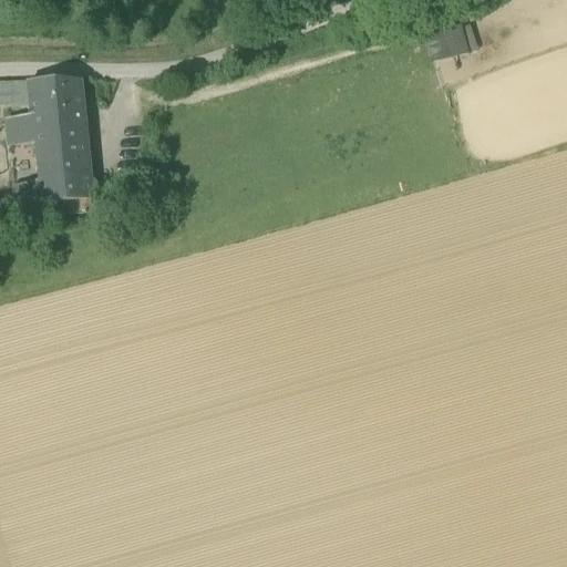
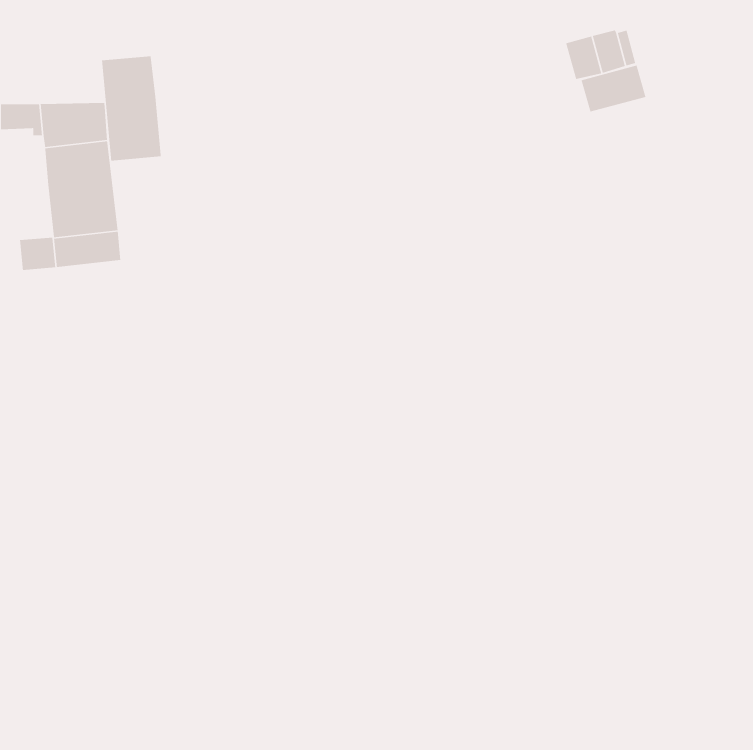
building: none -> [101,55,162,161]
building: none -> [581,65,646,113]
building: [10,112,38,141] -> none

